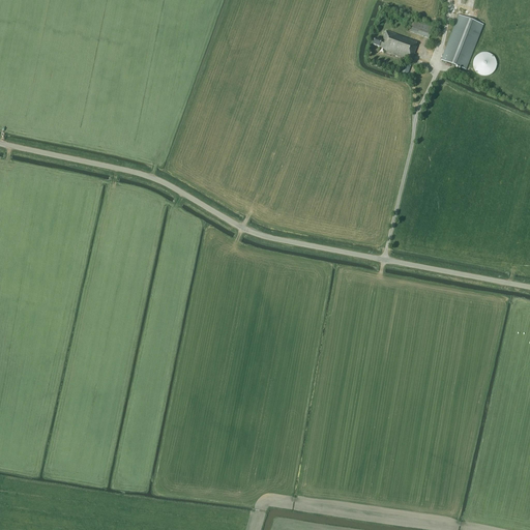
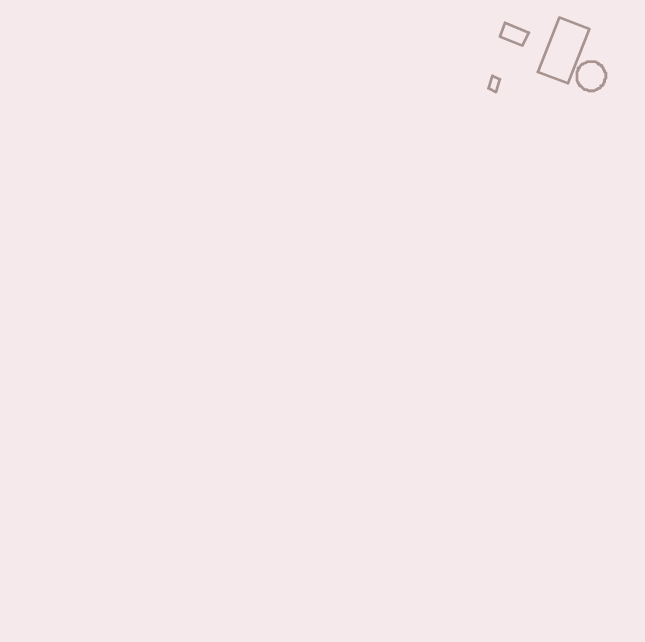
building: [374,29,417,59] -> none

